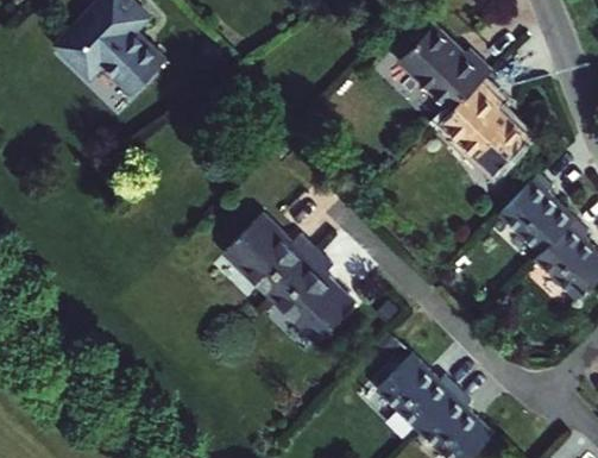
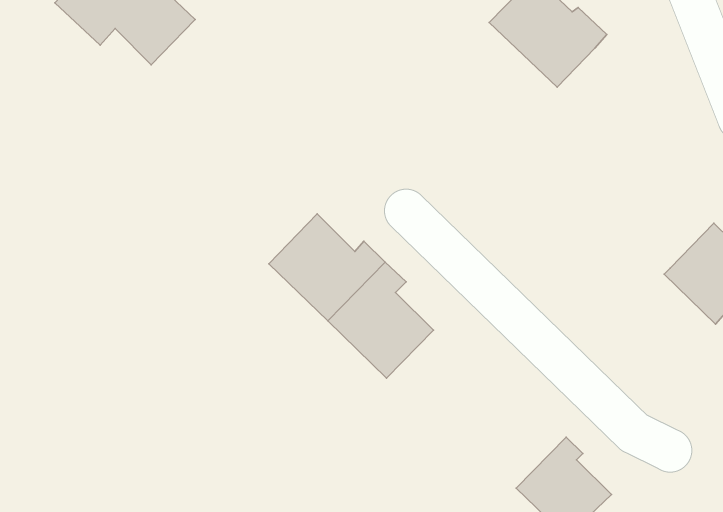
building: [441,82,529,174] -> none
building: [499,175,575,256] -> none
building: [379,355,459,429] -> none

